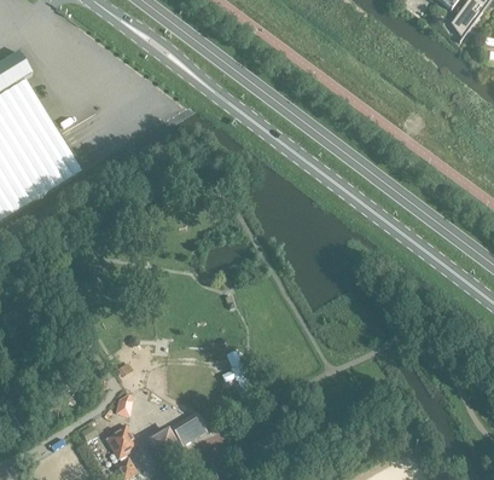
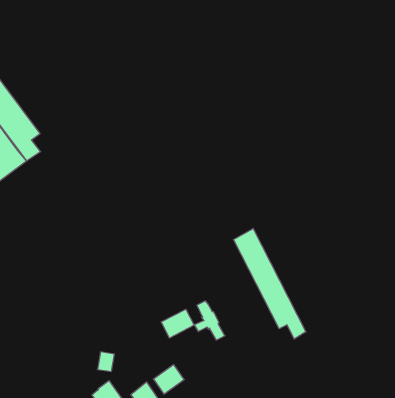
building: none -> [234,228,306,339]
building: none -> [161,309,194,338]

